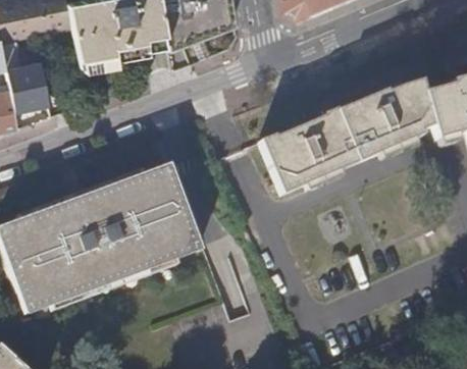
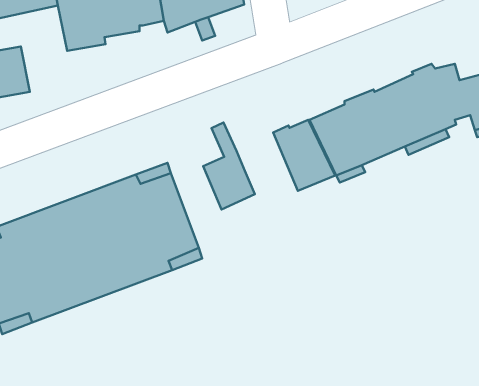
building: none -> [203,123,255,209]

